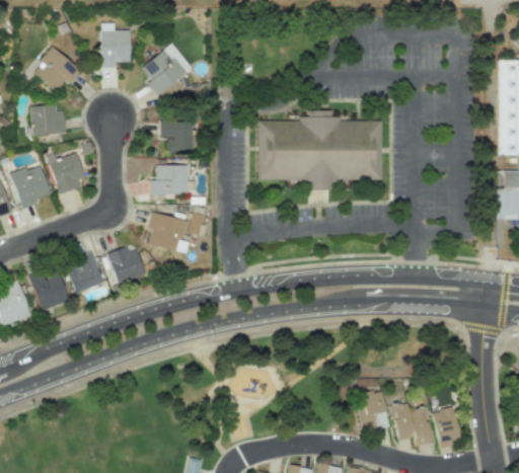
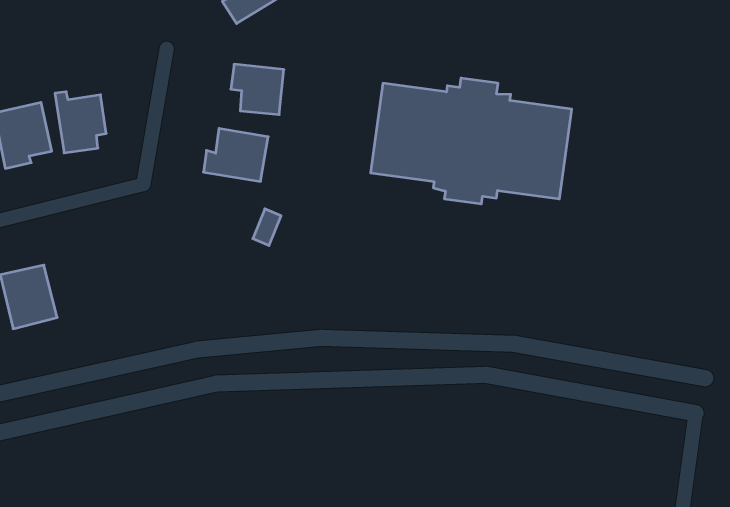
building: [31,104,65,135] -> none
building: [147,212,190,253] -> none
building: [107,246,145,283] -> none
building: [66,251,103,293] -> none

